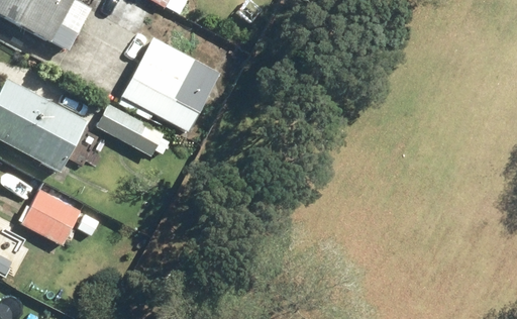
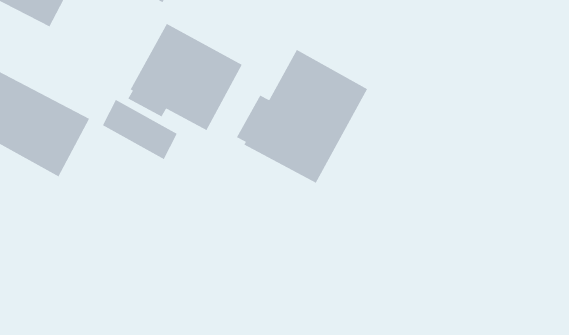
building: none -> [236,49,368,184]
building: [21,189,80,244] -> none

